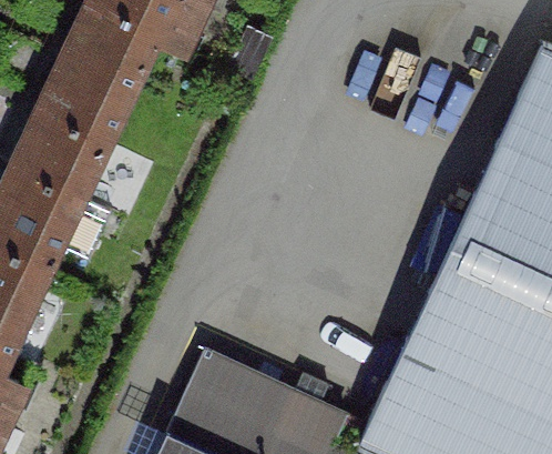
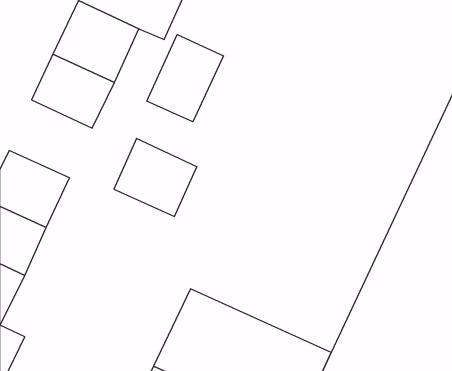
building: none -> [147,35,224,122]
building: [11,121,105,210] -> [114,138,197,216]

